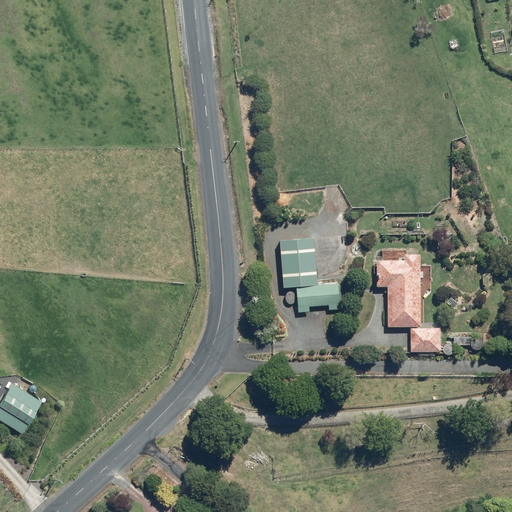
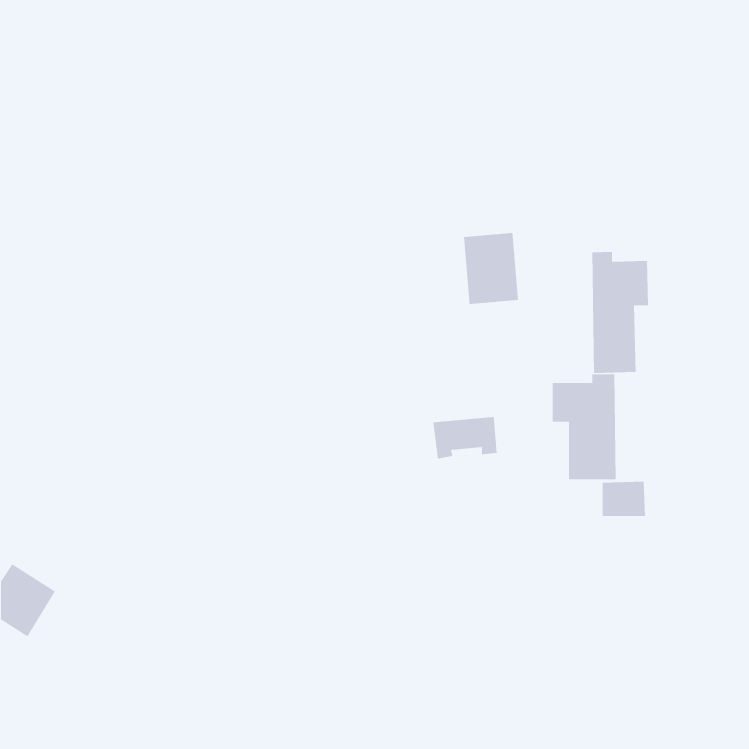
building: none -> [592,251,649,374]
building: [279,238,317,287] -> [463,233,519,305]

